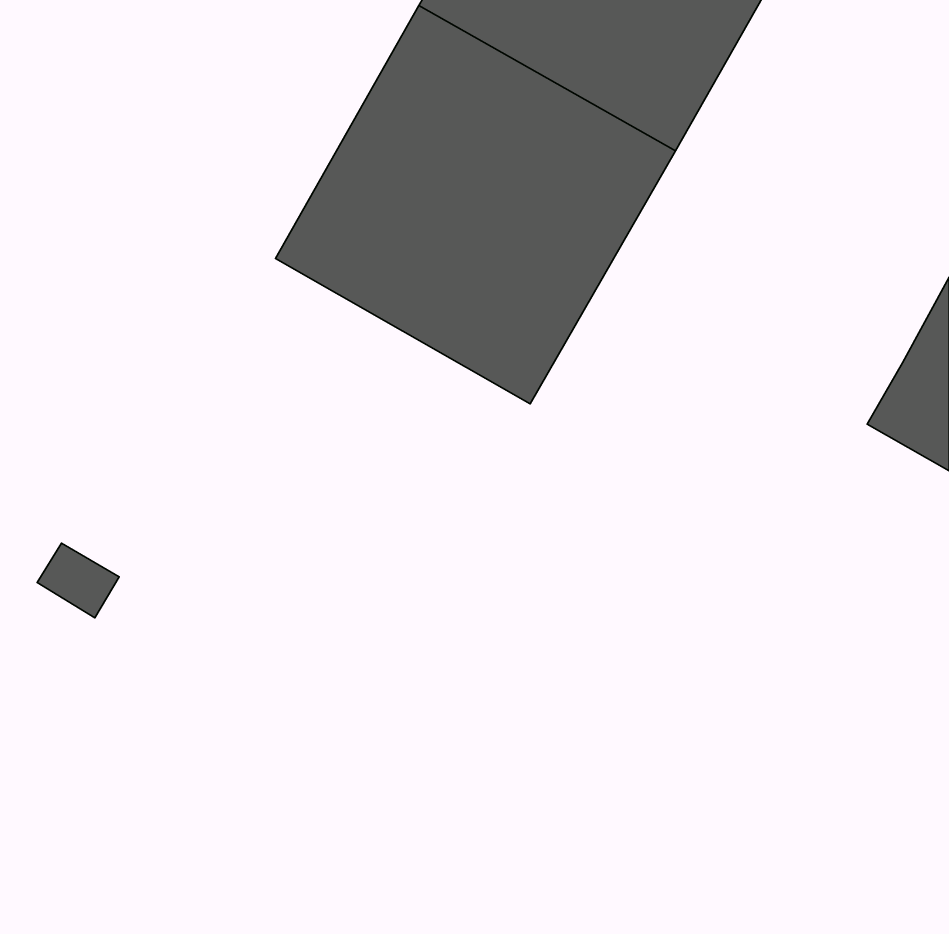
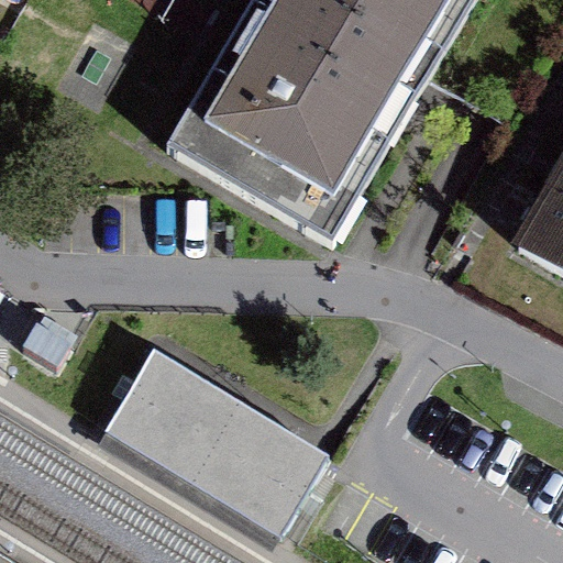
building: none -> [103,346,329,533]

